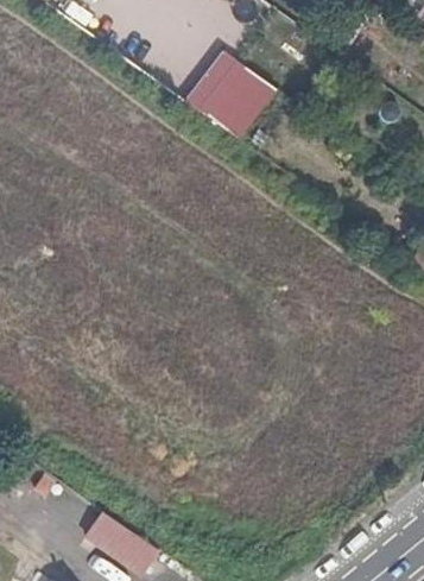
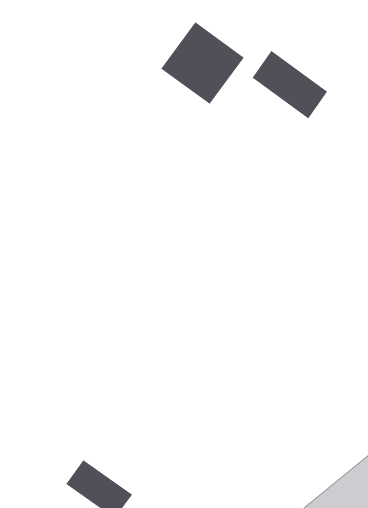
building: none -> [251,50,328,120]

